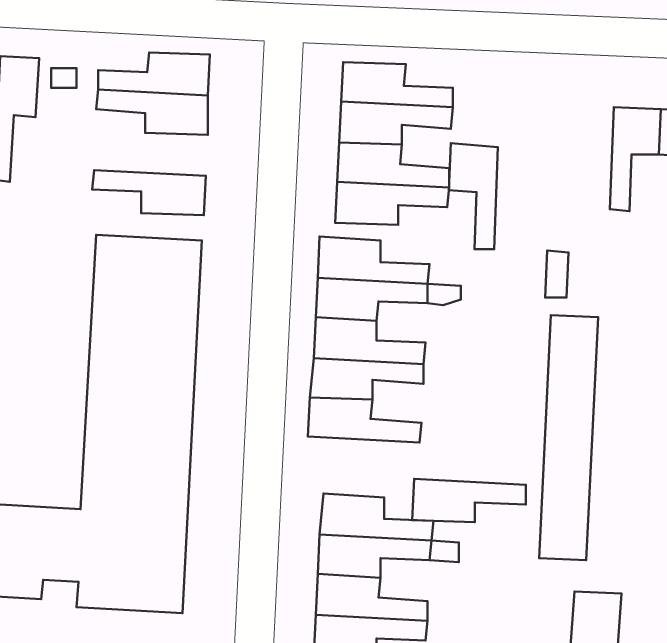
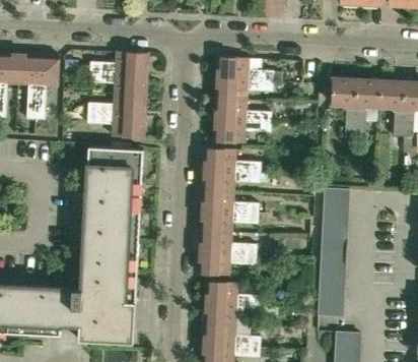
building: none -> [87,94,146,116]
building: [449,143,498,249] -> [331,78,356,133]
building: [412,479,526,522] -> [197,251,256,274]

